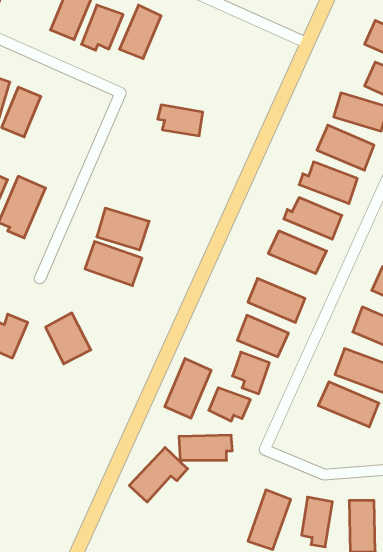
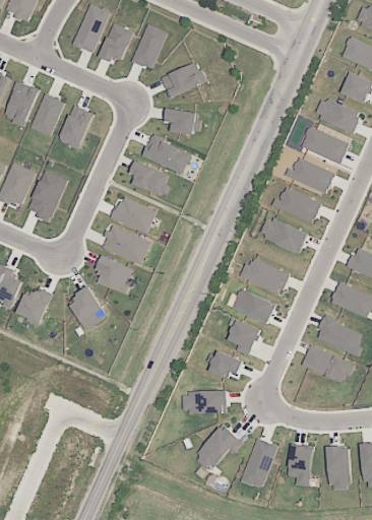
building: none -> [161,62,204,98]
building: none -> [59,106,94,149]
building: none -> [142,135,192,174]
building: none -> [130,160,171,198]
building: none -> [96,255,133,295]
building: [165,358,211,418] -> none
building: [129,447,188,502] -> [193,425,243,471]

